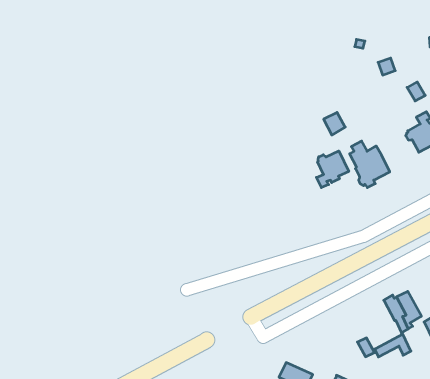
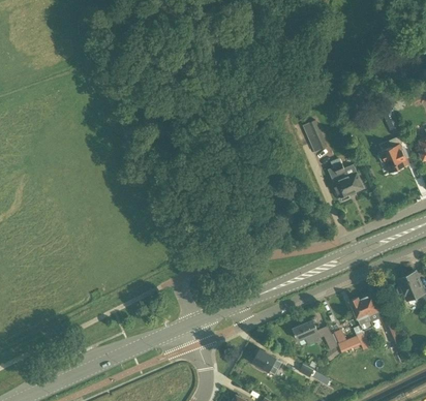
building: [316,151,349,188] -> none
building: none -> [293,319,322,345]

